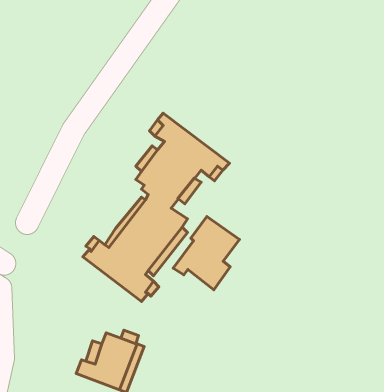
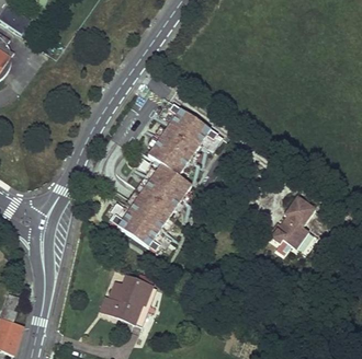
building: [173,217,240,290] -> [270,194,324,253]

